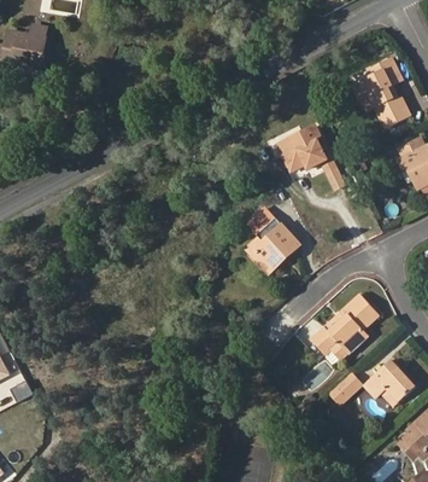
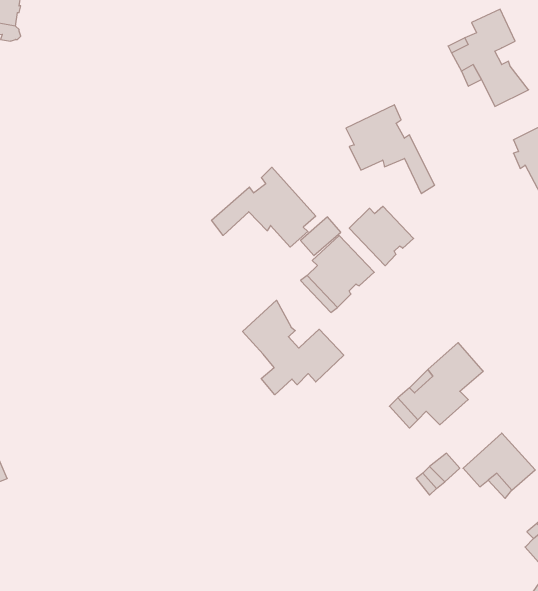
building: none -> [212,167,316,247]
building: none -> [349,206,414,266]
building: none -> [243,300,344,395]

